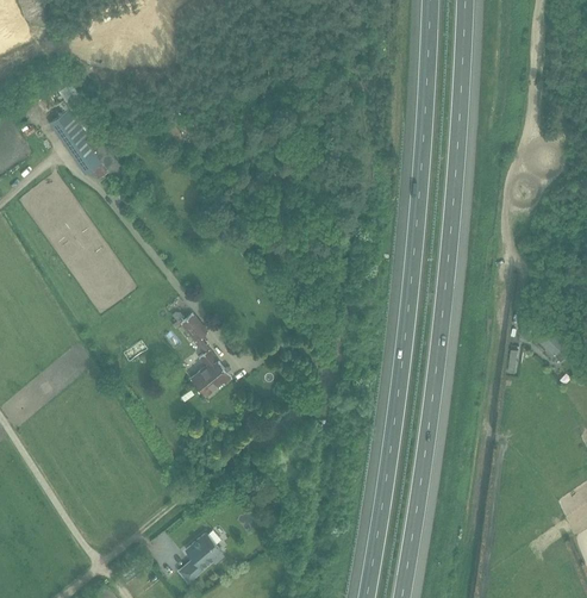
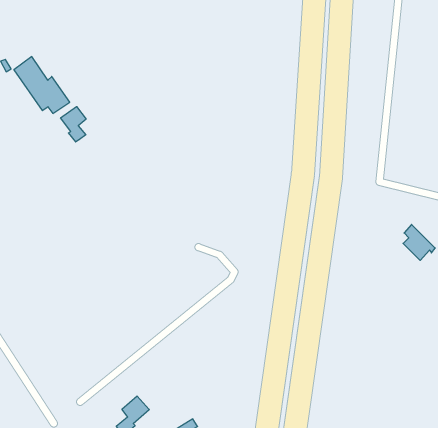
building: none -> [61,107,86,142]
building: [181,314,232,403] -> none

